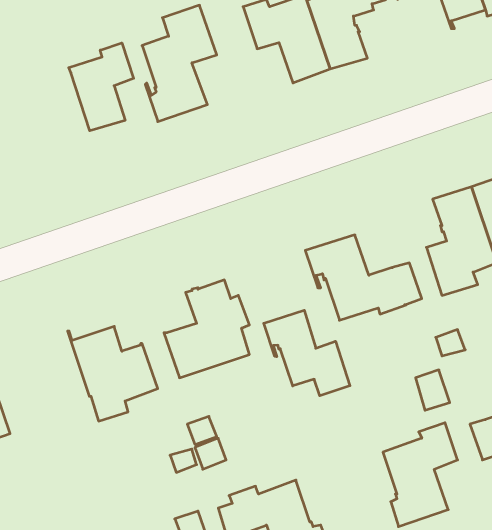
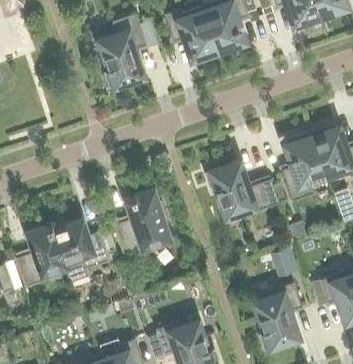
building: [69,43,134,131] -> none
building: [264,310,350,396] -> none
building: none -> [14,222,64,286]

